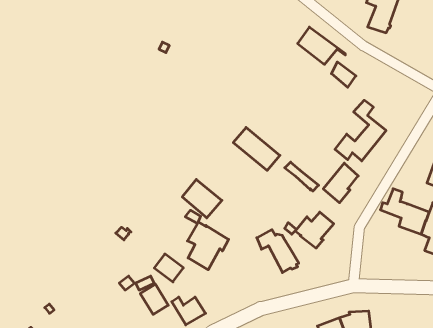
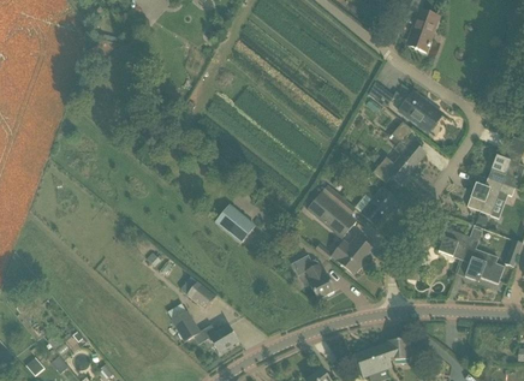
building: [298,27,345,64] -> [400,93,449,131]
building: [233,127,280,170] -> [306,194,355,238]
building: [185,210,229,270] -> none

